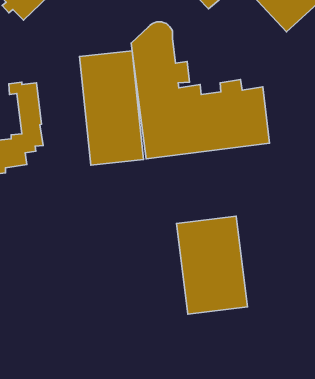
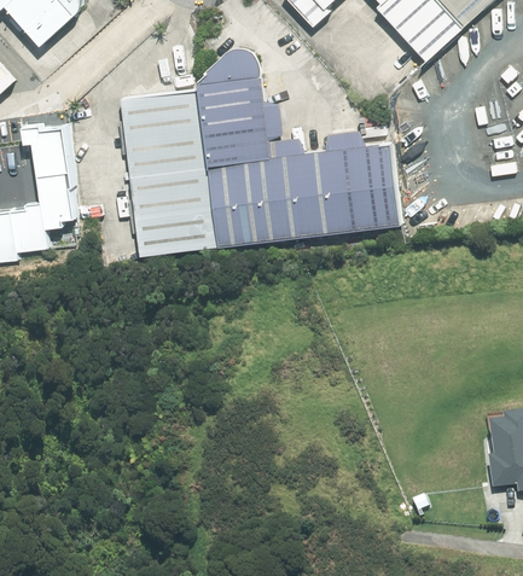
building: [177,216,248,314] -> none

